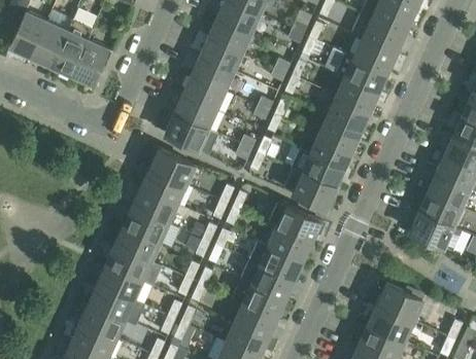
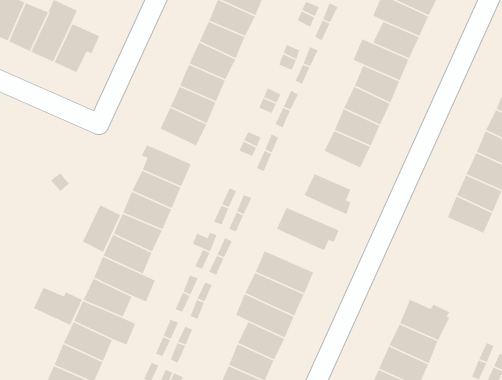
building: [293,149,343,187] -> none
building: none -> [82,204,121,253]
building: [410,212,461,252] -> none
building: [269,226,311,260] -> none
building: none -> [33,287,83,326]

